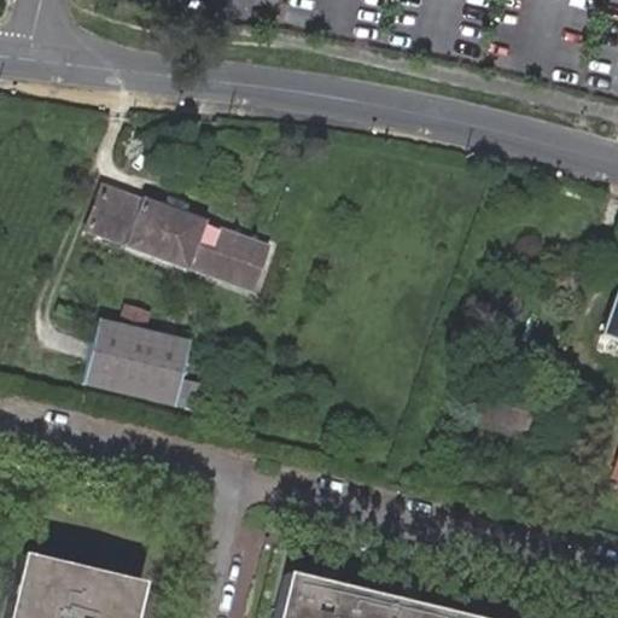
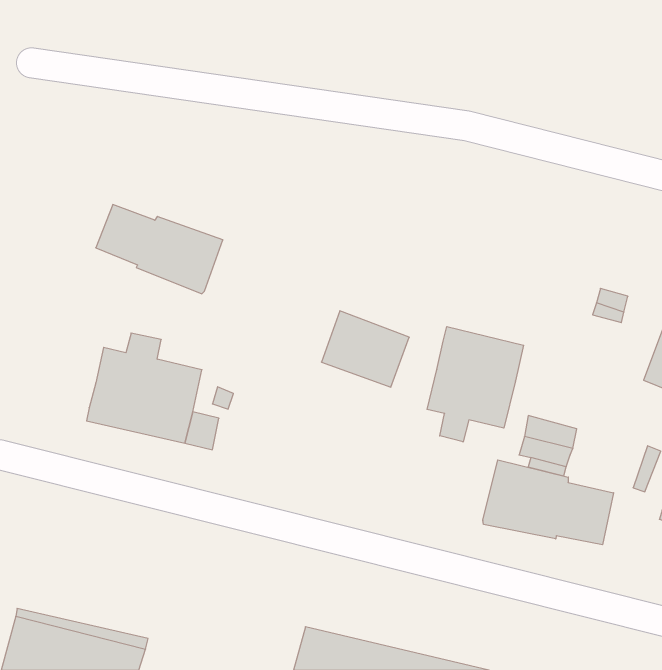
building: [196,221,276,291] -> [321,311,409,387]
building: none -> [427,327,524,442]
building: none -> [483,460,614,545]

